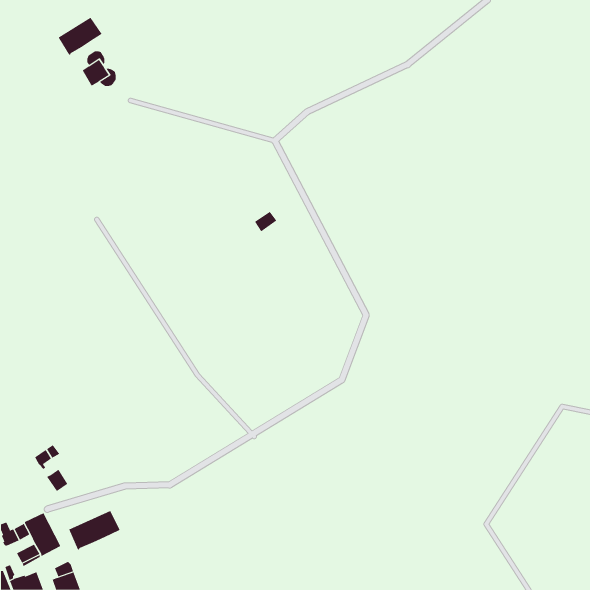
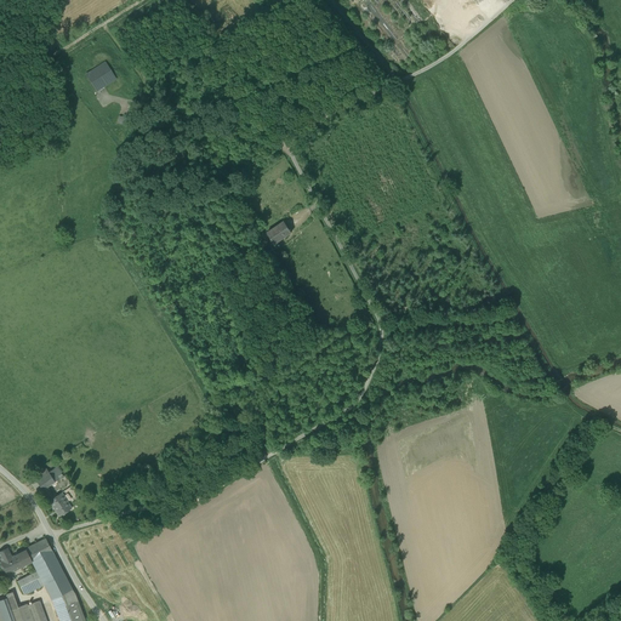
building: [58,17,102,56] -> none
building: [69,510,120,551] -> none

